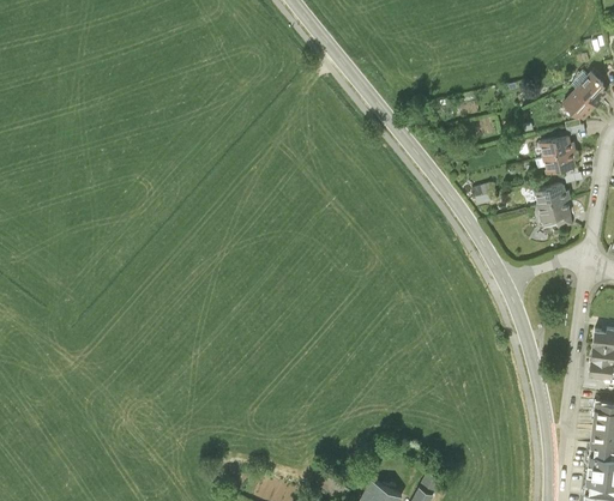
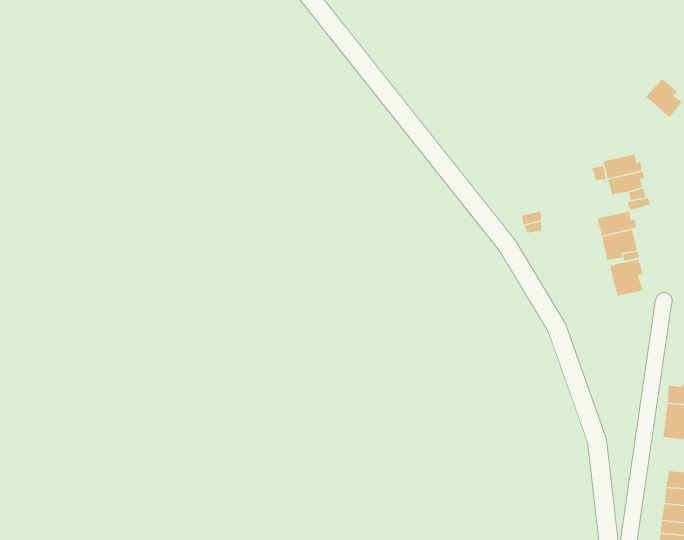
building: [562,89,597,120] -> none
building: none -> [609,259,644,297]

